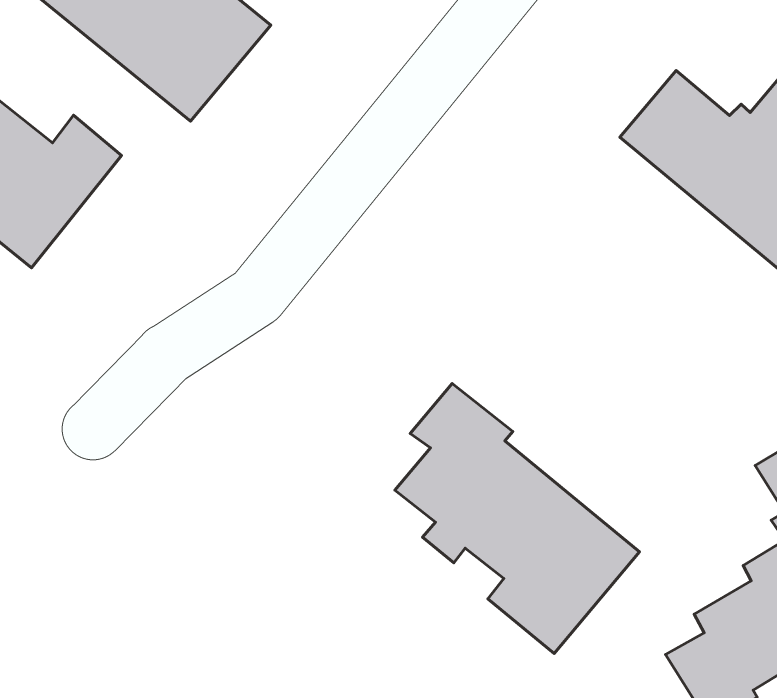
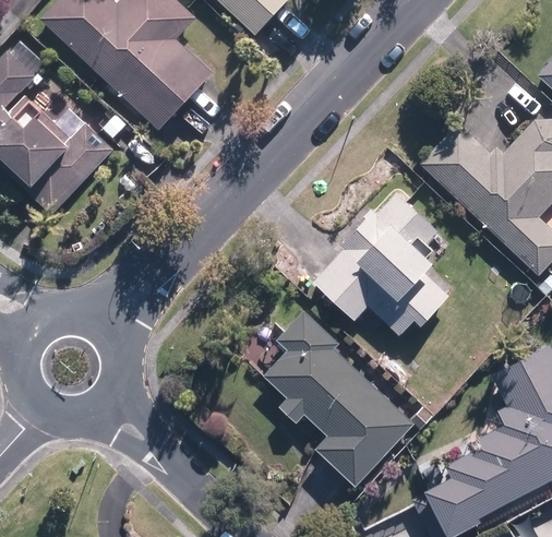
building: none -> [317,192,454,334]

